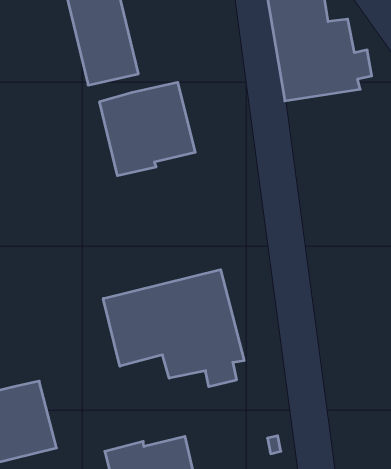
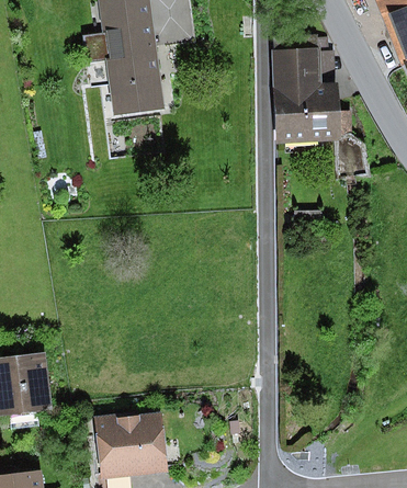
building: [100,82,195,176] -> none
building: [103,270,244,387] -> none

